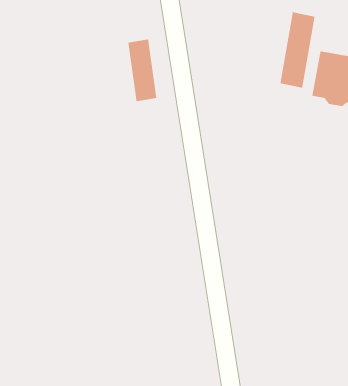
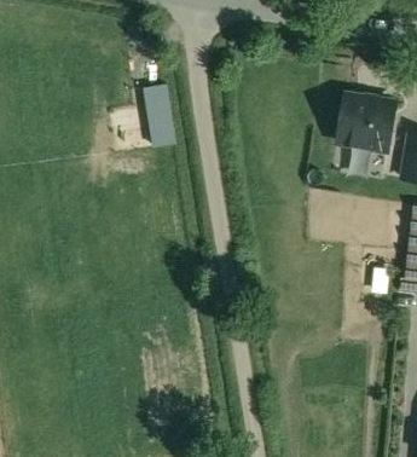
building: [280,11,315,89] -> none

